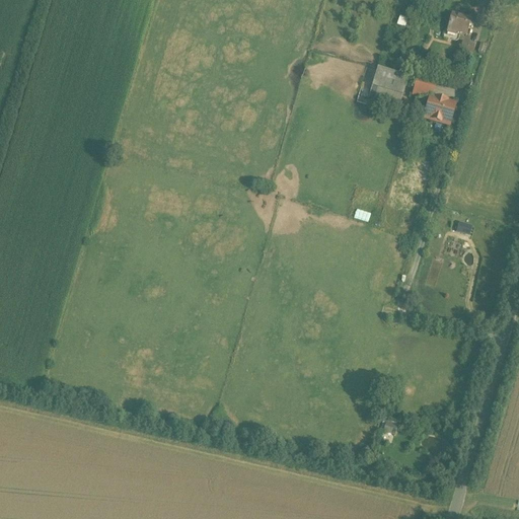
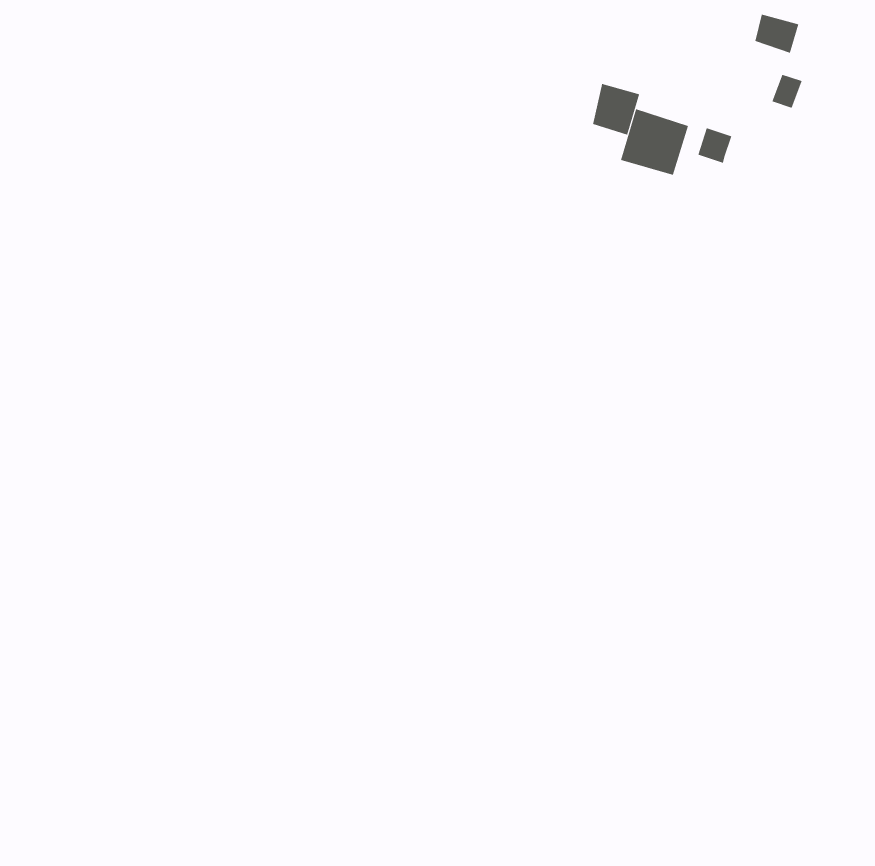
building: none -> [592,83,640,136]
building: [424,92,456,123] -> none

